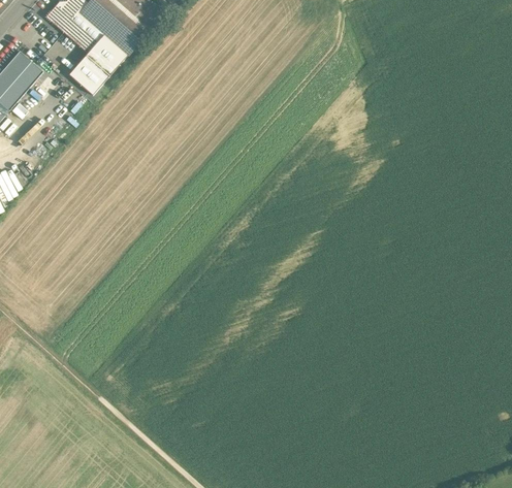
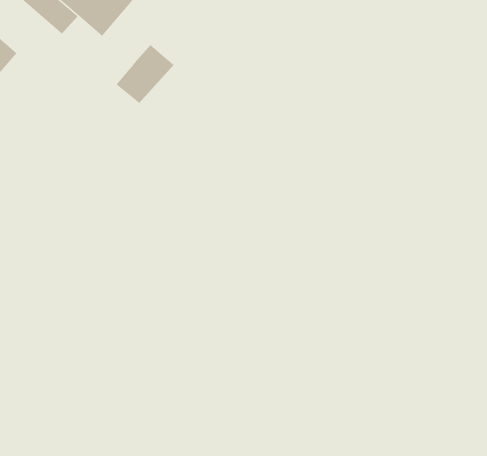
building: [68,34,127,94] -> [115,44,174,104]

